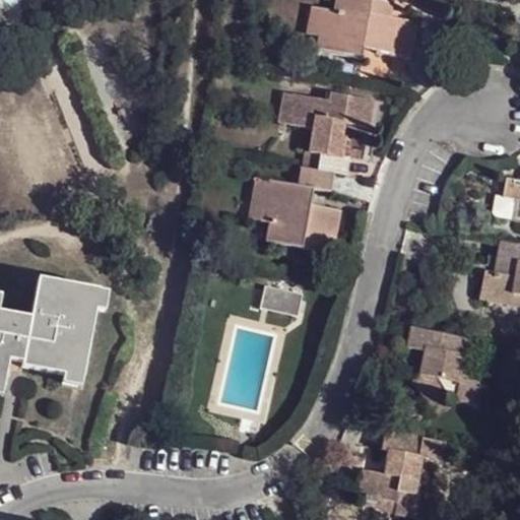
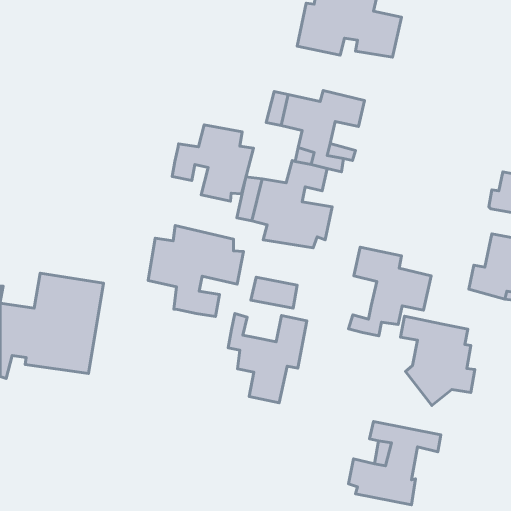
building: none -> [172,125,253,201]
building: none -> [148,225,243,317]
building: none -> [349,247,431,336]
building: none -> [228,314,307,403]

